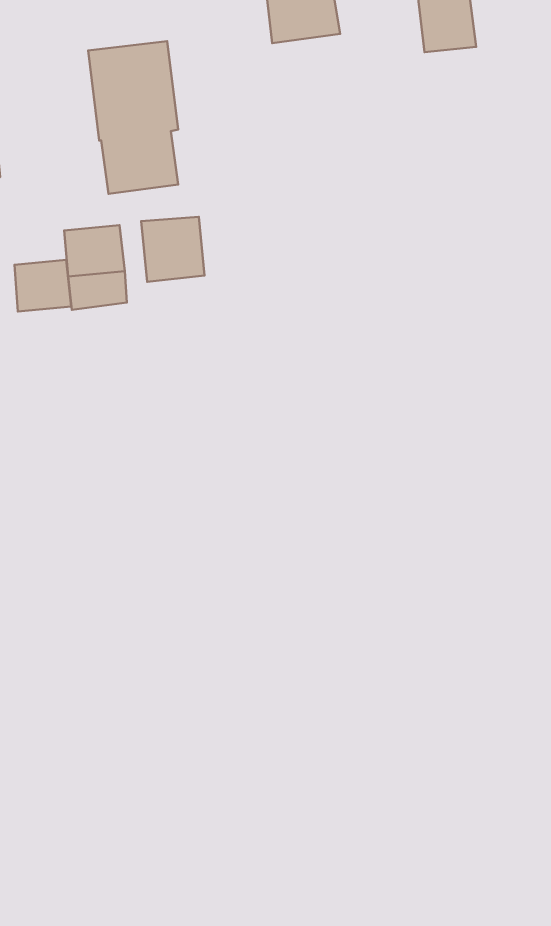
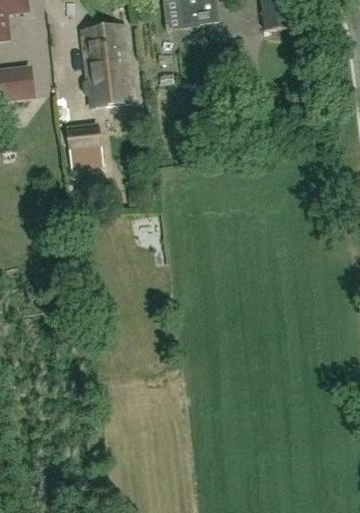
building: [141,217,204,282] -> none
building: [14,260,71,312] -> none

